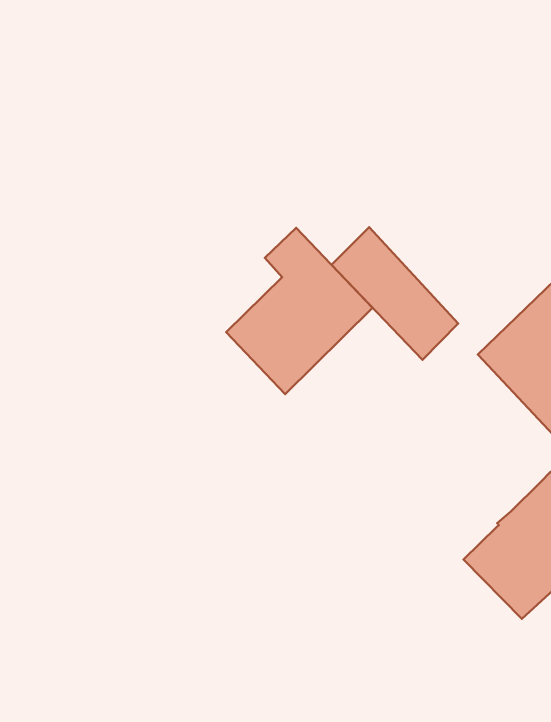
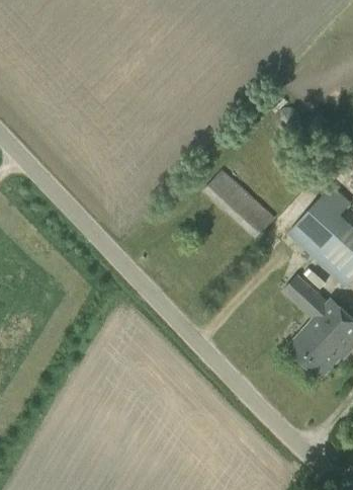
building: [226,228,372,394] -> none
building: none -> [281,273,326,319]

